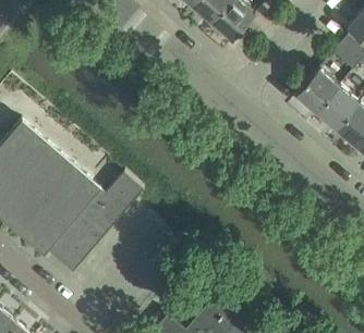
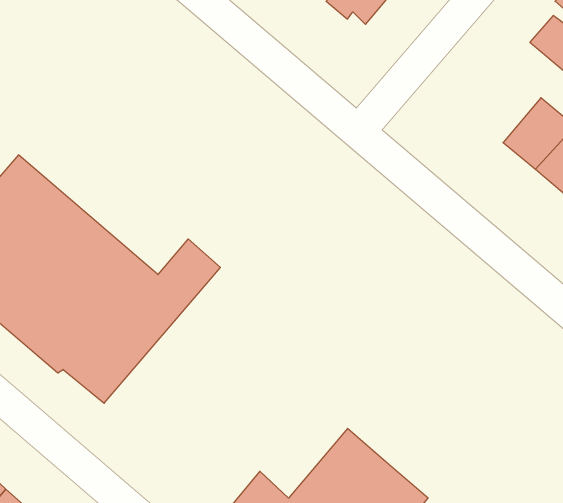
building: [295,67,339,112] -> none

